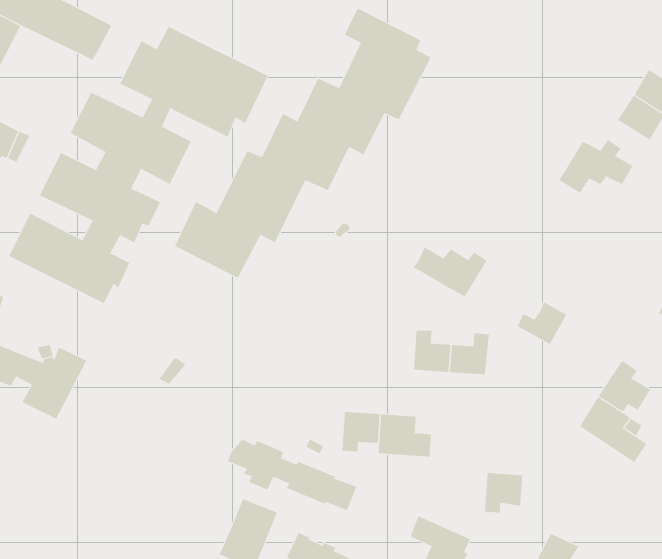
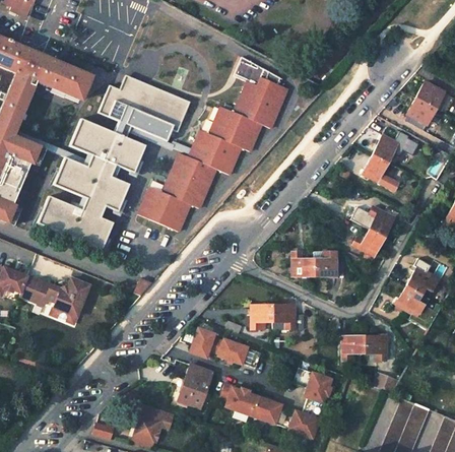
building: none -> [362,153,400,191]
building: [413,247,488,297] -> [350,206,396,236]
building: none -> [364,336,387,362]

